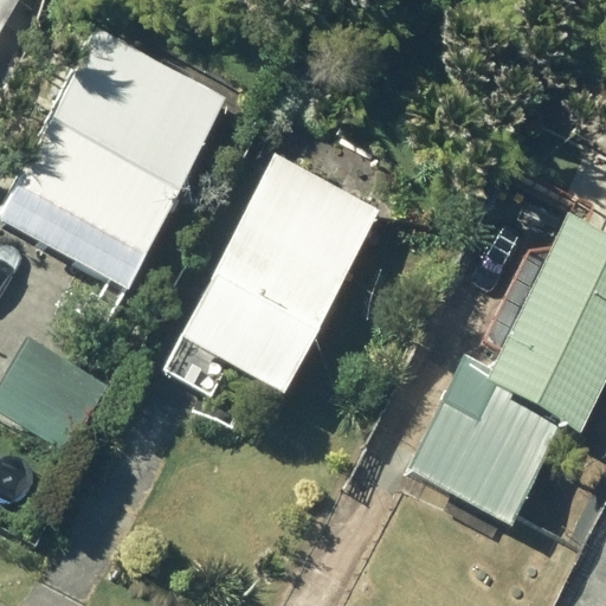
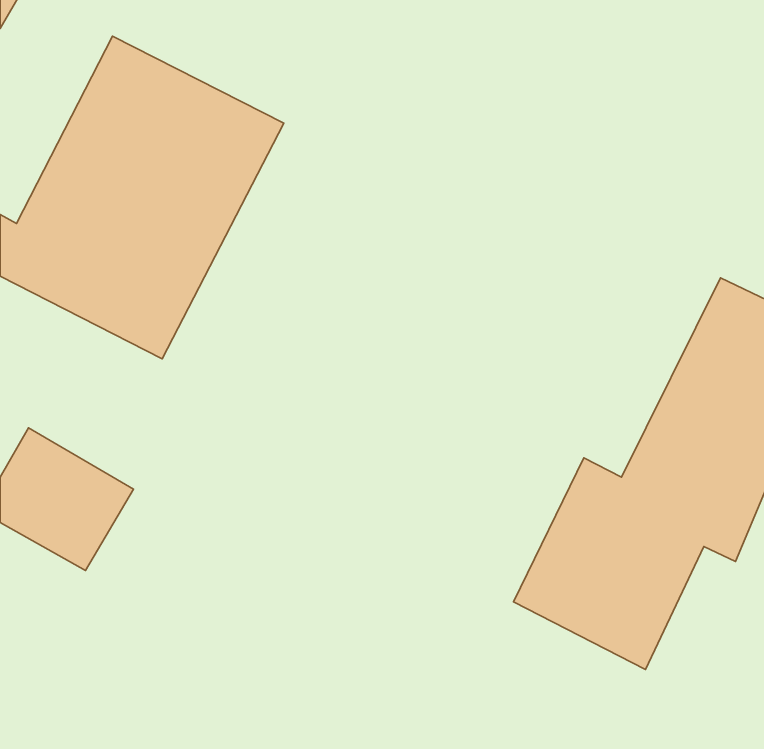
building: [175,154,380,400] -> none

